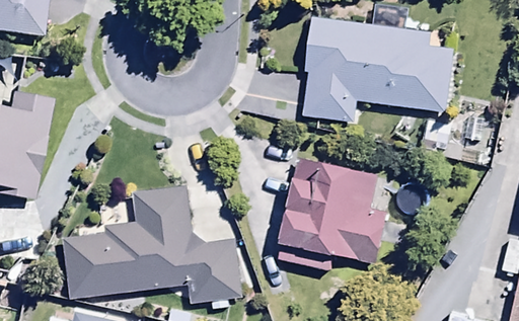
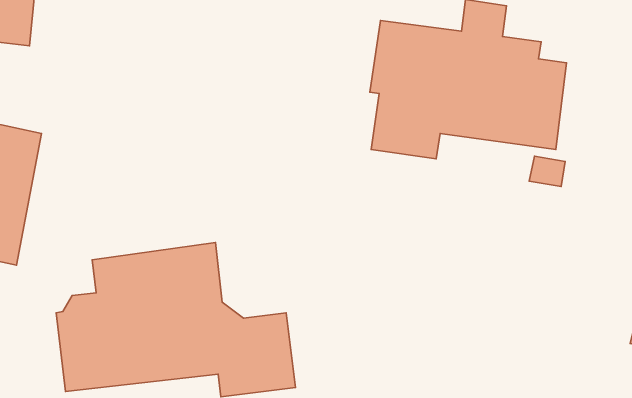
building: [278,155,393,271] -> none

